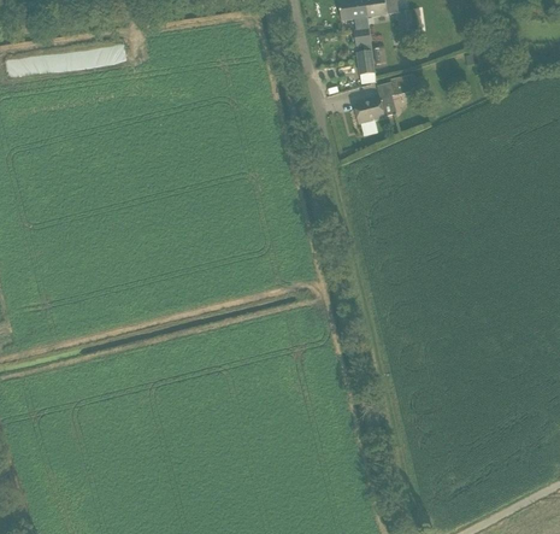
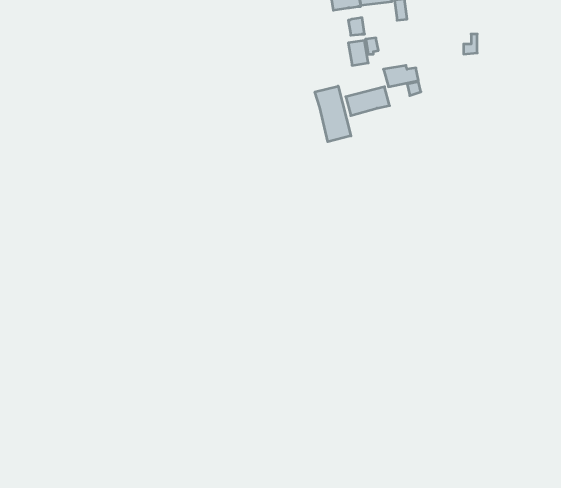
building: none -> [315,86,351,142]

